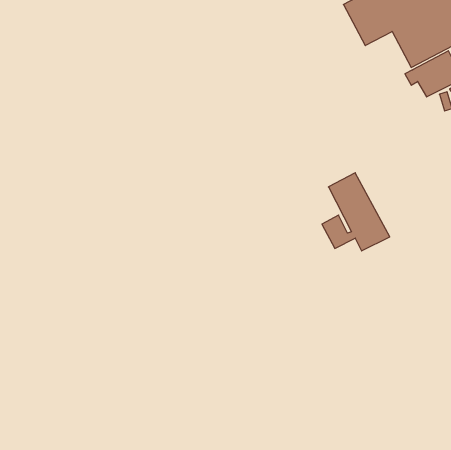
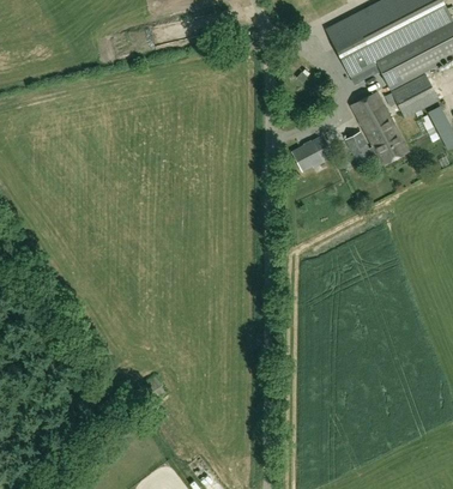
building: none -> [290,134,333,170]
building: [322,173,390,251] -> [344,91,407,164]

